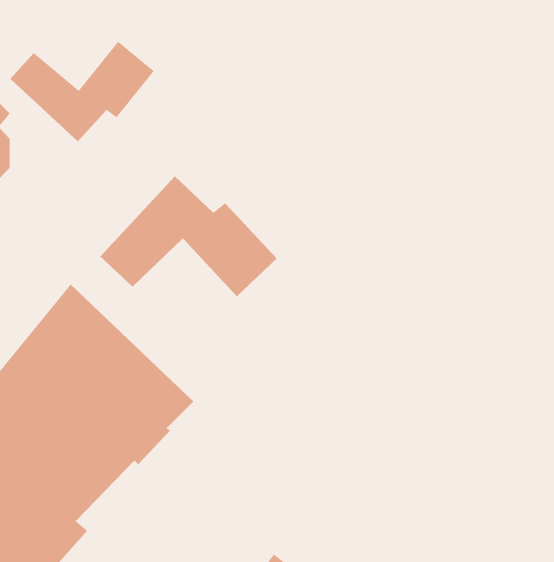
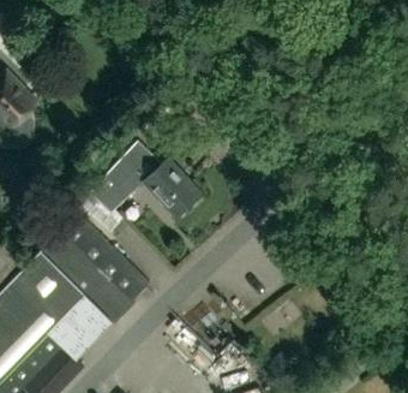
building: [10,41,154,142] -> none

